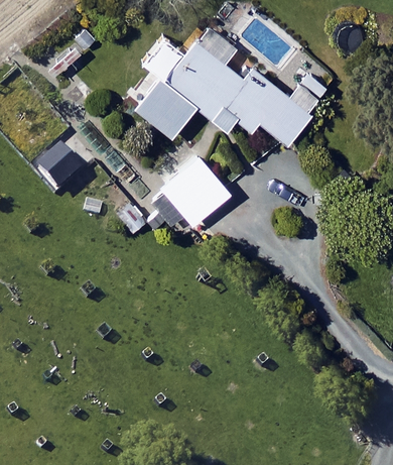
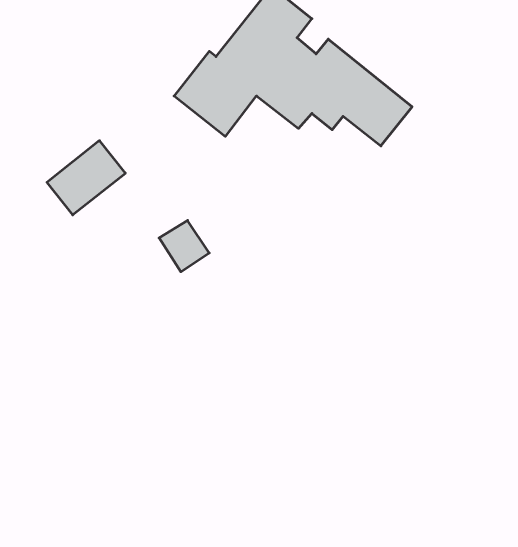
building: [160,155,230,225] -> none

